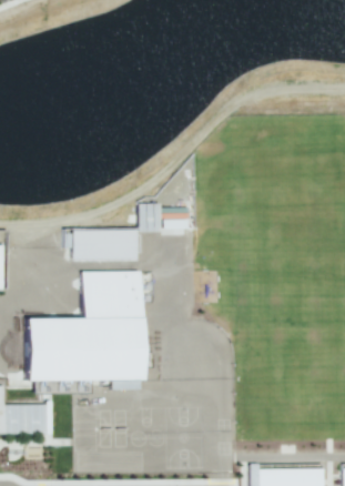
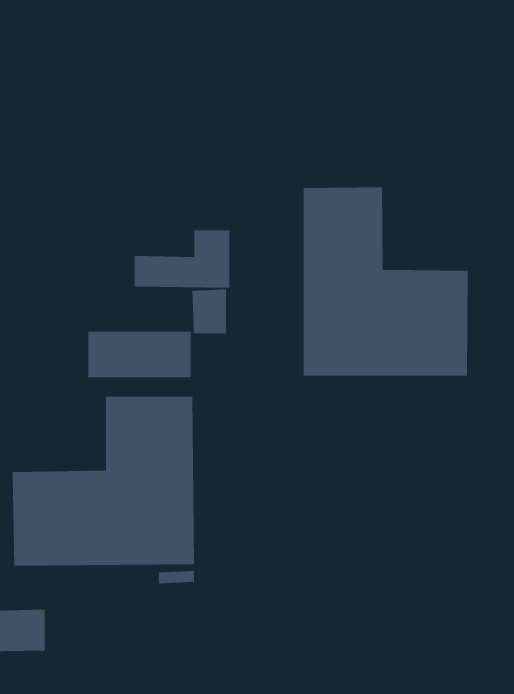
building: none -> [303,186,468,377]
building: none -> [134,230,230,289]

